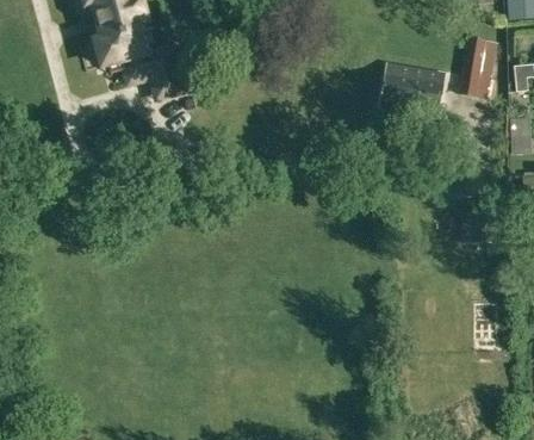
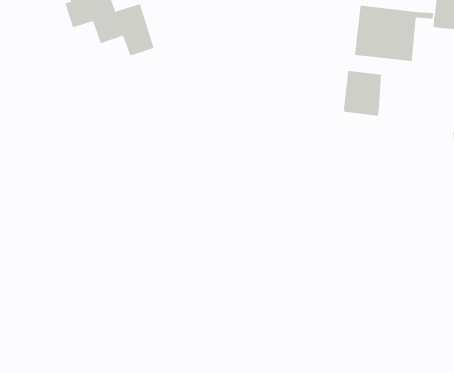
building: none -> [343,70,381,116]

